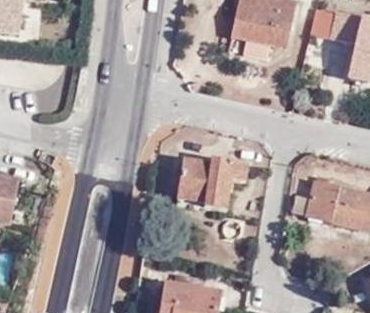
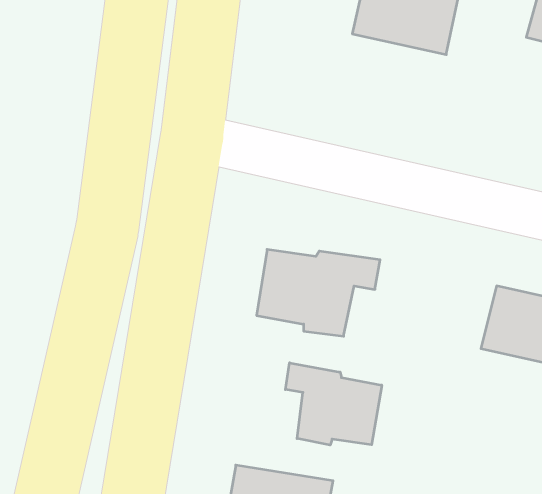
building: none -> [285,363,382,445]

